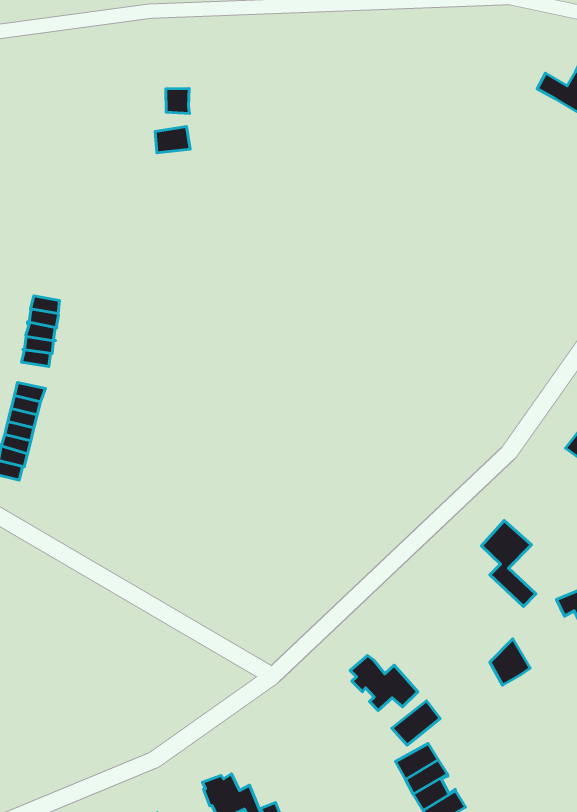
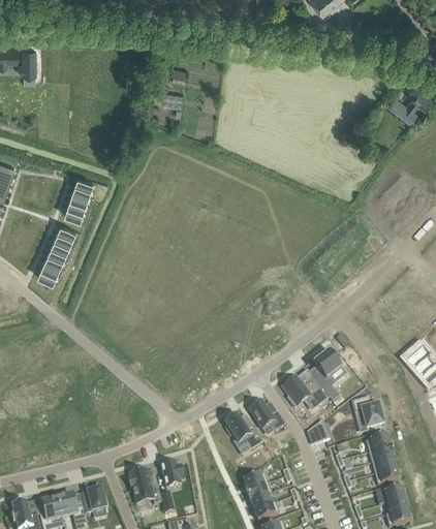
building: none -> [281,375,329,406]
building: none -> [248,399,285,430]
building: none -> [161,459,184,487]

